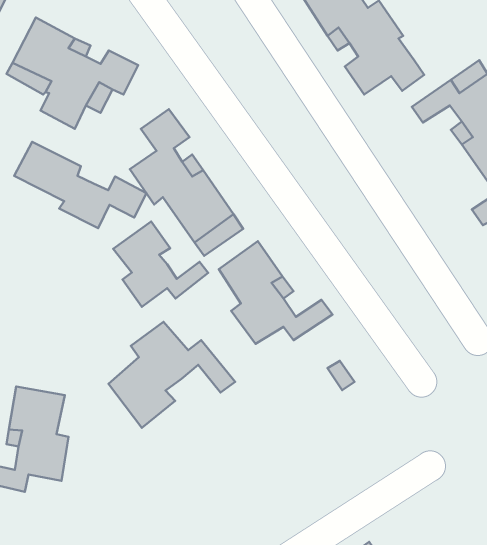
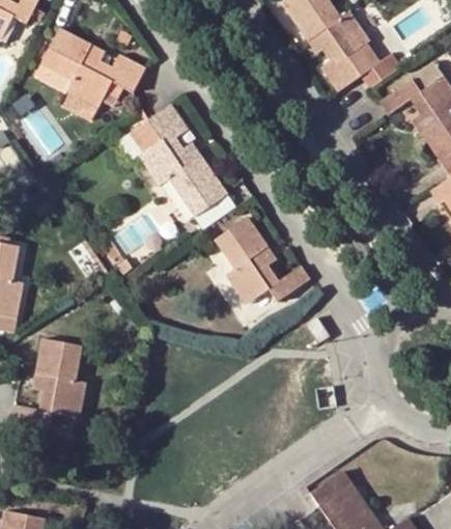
building: [14,142,146,228] -> none
building: [113,222,208,307] -> none
building: [109,322,235,428] -> none

